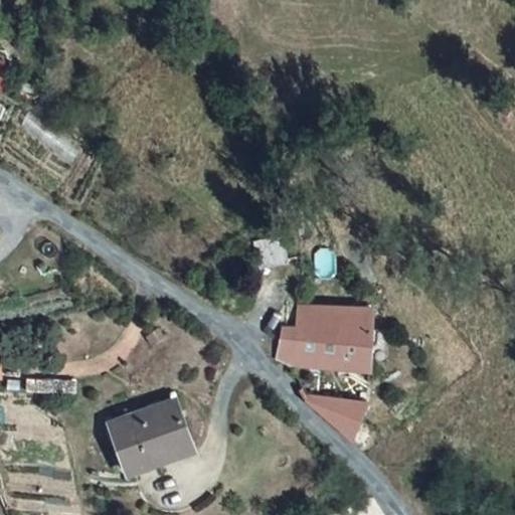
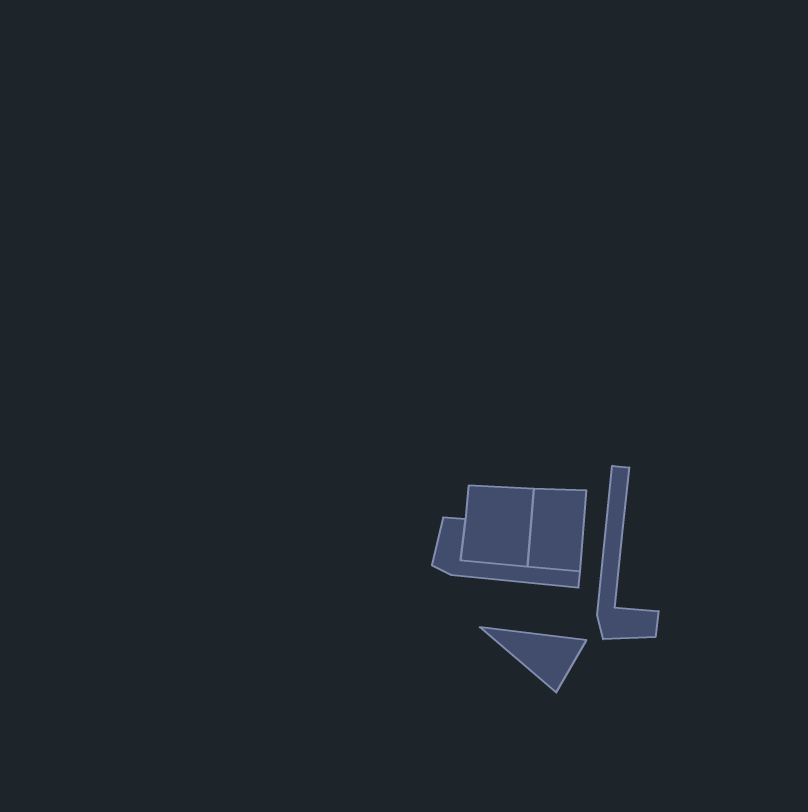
building: none -> [597,466,659,639]
building: [113,400,193,475] -> none

